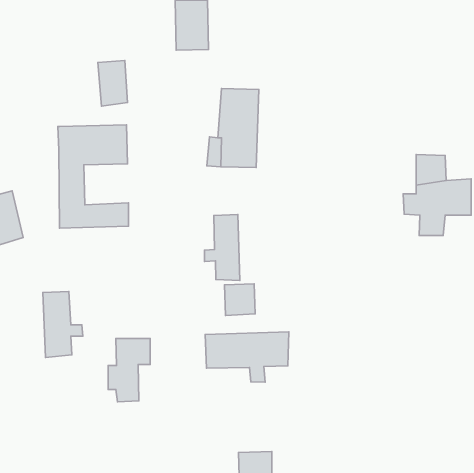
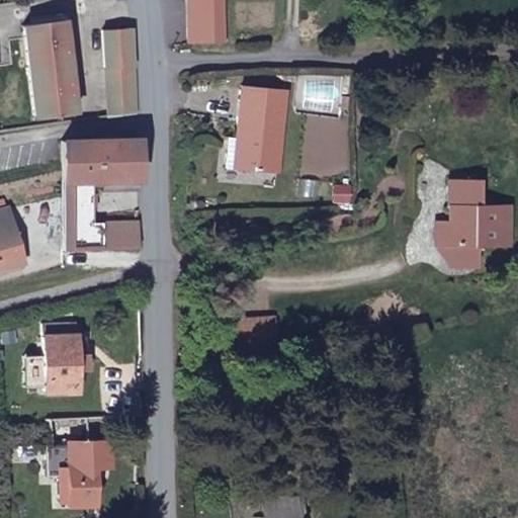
building: none -> [24,18,77,121]
building: none -> [104,30,136,71]
building: [204,215,240,281] -> none
building: [205,332,289,382] -> none
building: [108,338,150,402] -> [64,437,109,506]

